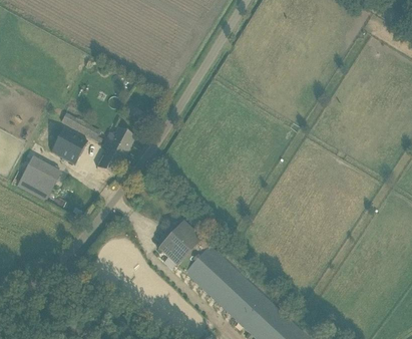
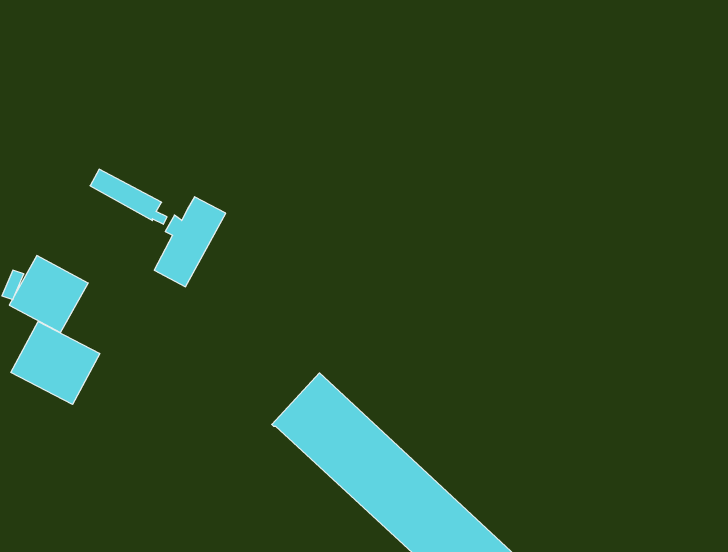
building: [50,132,87,163] -> none
building: none -> [11,321,100,404]

